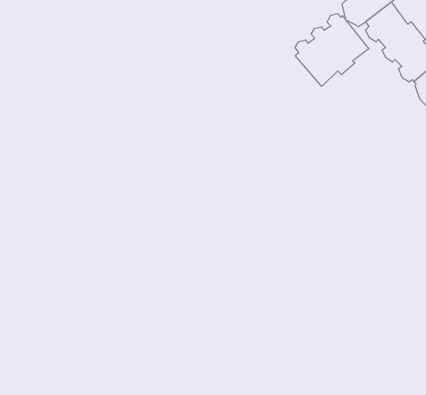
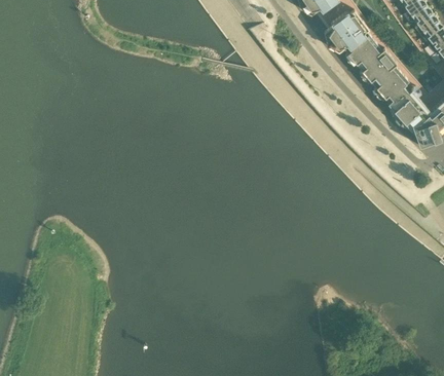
building: [295,14,369,86] -> none

